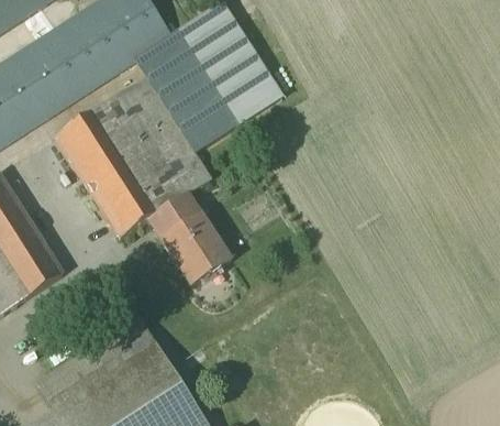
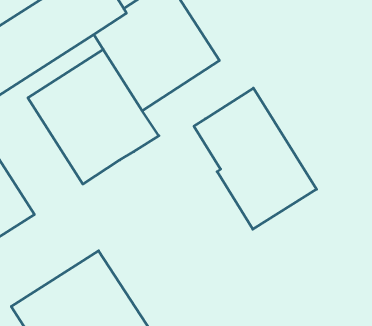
building: none -> [194,88,317,229]
building: [164,200,232,286] -> none

